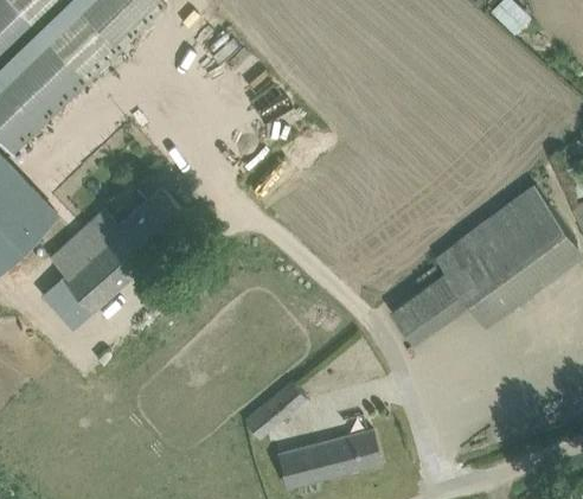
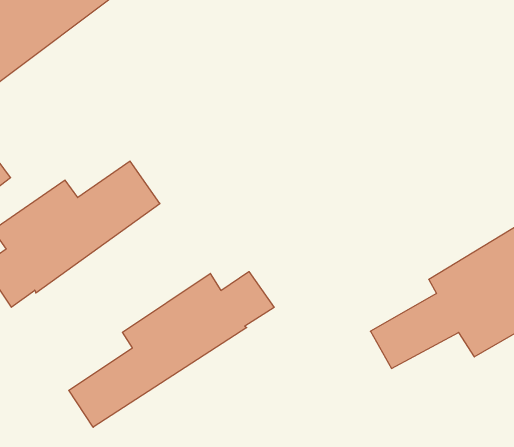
building: none -> [69,272,274,427]
building: [258,383,305,427] -> none

